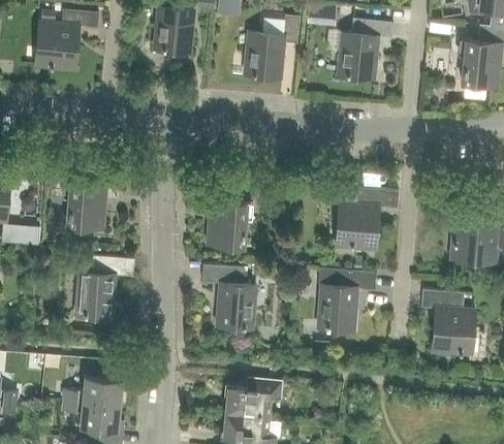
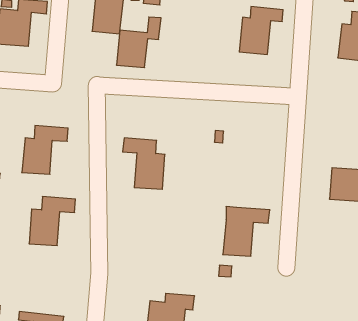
building: [245,18,301,81] -> [116,17,161,68]
building: [333,186,399,251] -> none
building: [202,266,256,330] -> none
building: [421,292,475,355] -> none
building: [64,369,136,408] -> none

